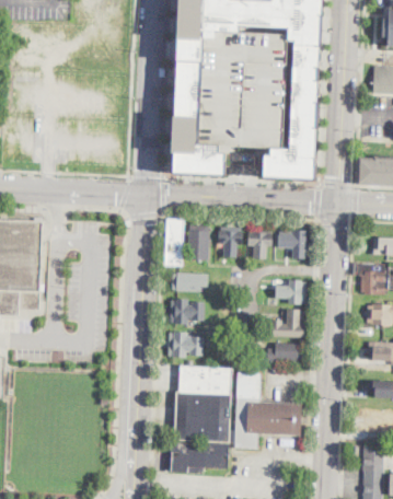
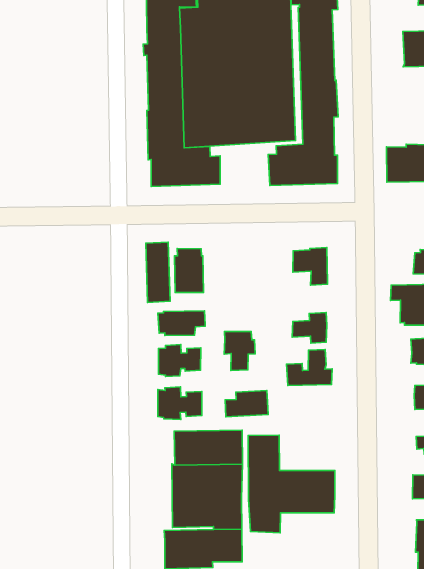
building: [217,225,241,256] -> [224,331,255,371]
building: [246,228,270,258] -> none
building: [266,343,299,361] -> [225,391,268,417]

